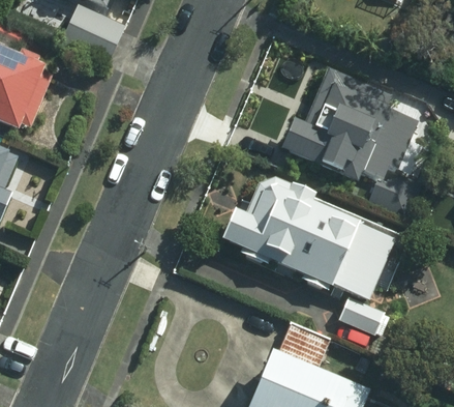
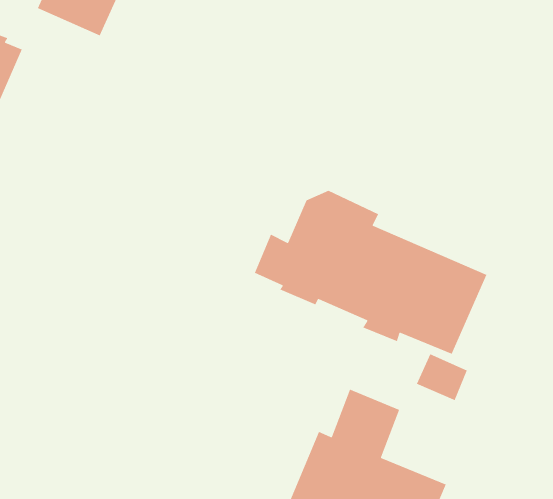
building: [281,68,423,217] -> none

